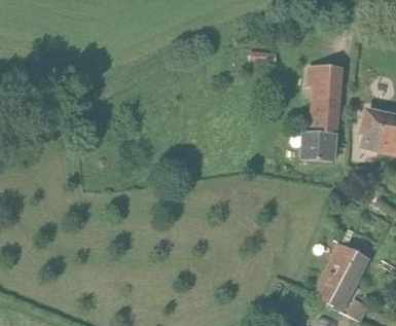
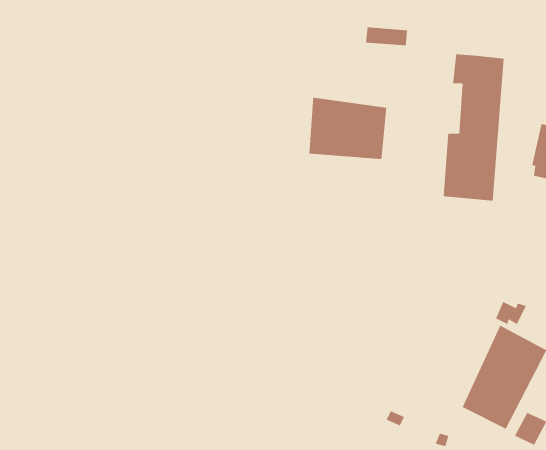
building: none -> [309,97,387,160]

